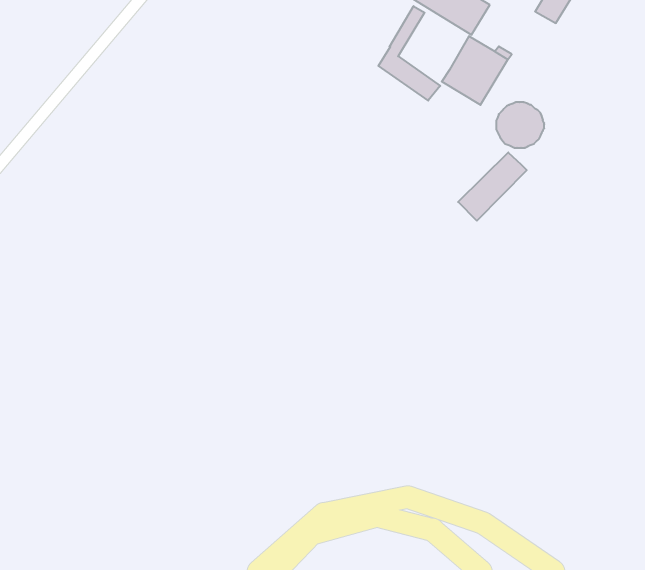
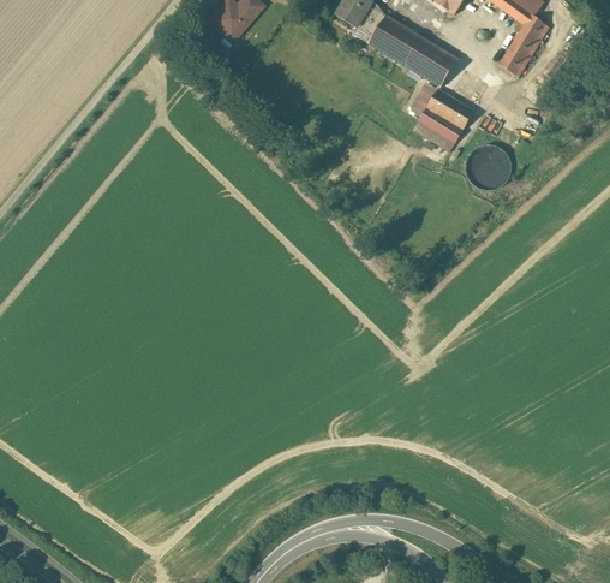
building: [378,6,440,101] -> none
building: [458,152,527,221] -> none

